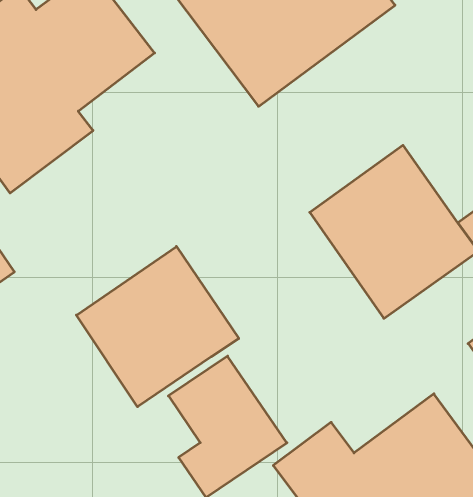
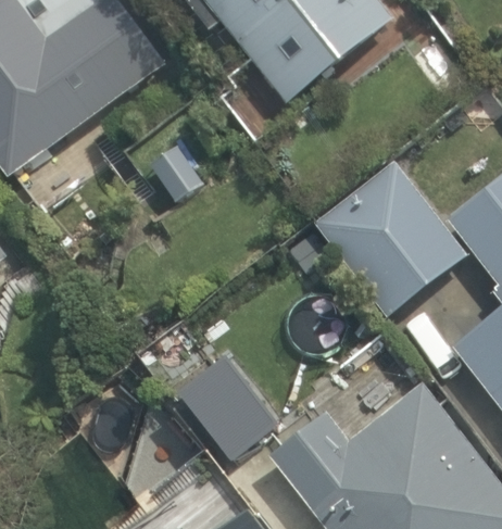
building: [76,246,239,407] -> none

